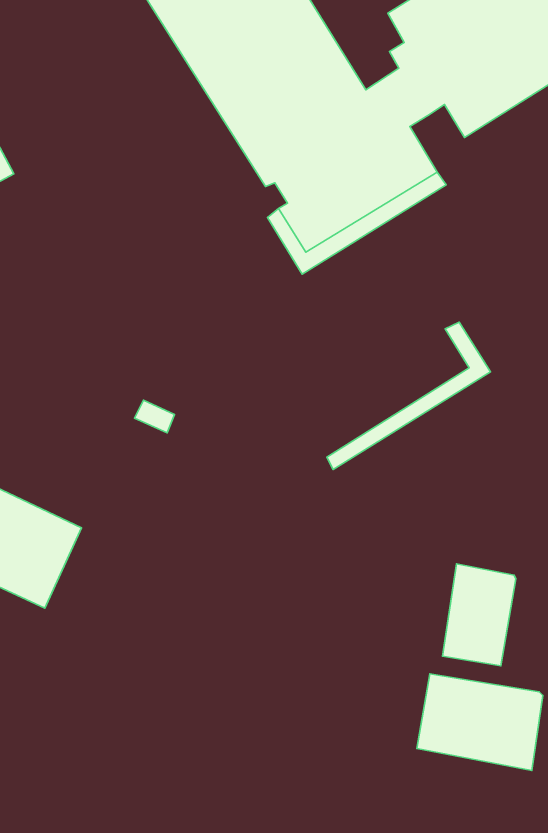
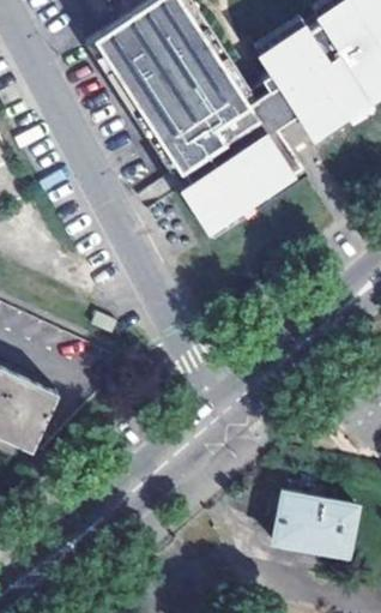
building: [327,322,490,470] -> none
building: [442,564,516,666] -> none

